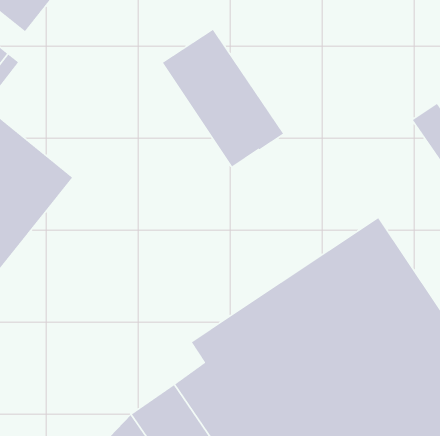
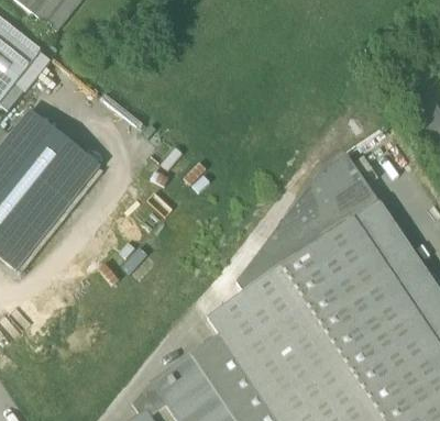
building: [162,29,284,167] -> none
building: none -> [235,153,378,291]

